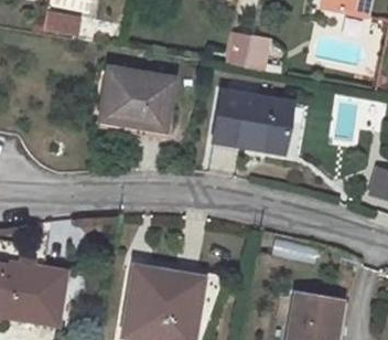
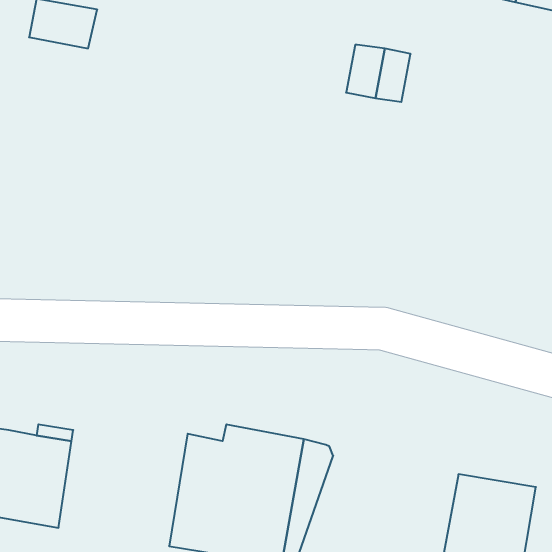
building: [99,66,172,130] -> none
building: [213,91,290,153] -> none

